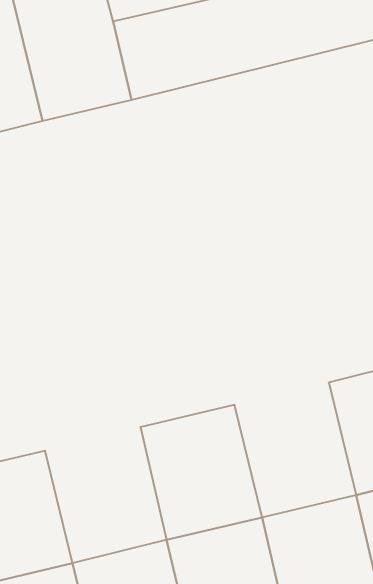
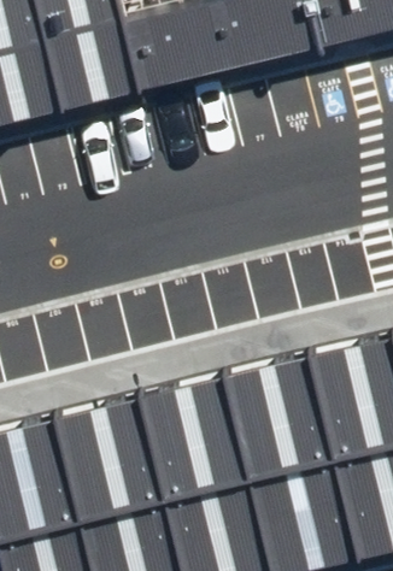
building: none -> [231,353,344,477]
building: none -> [57,394,169,519]

